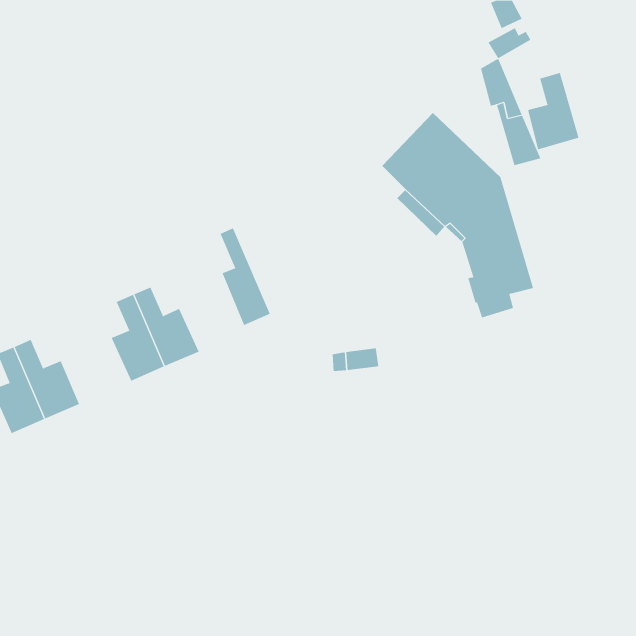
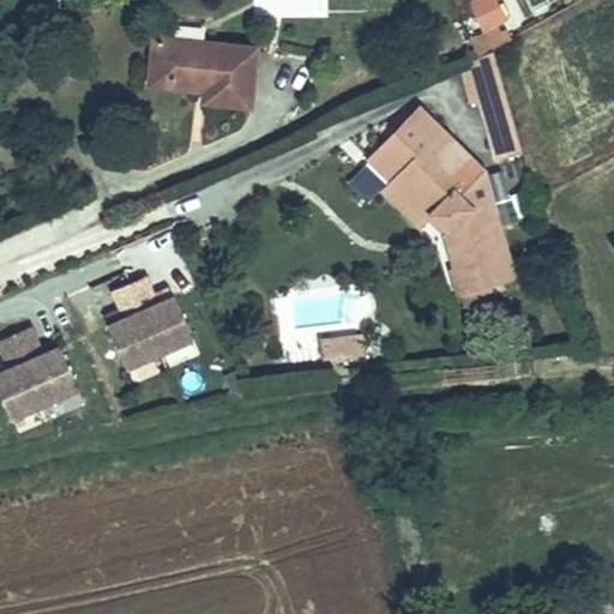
building: none -> [149,38,255,107]
building: [527,72,579,150] -> none
building: [220,228,271,326] -> none

